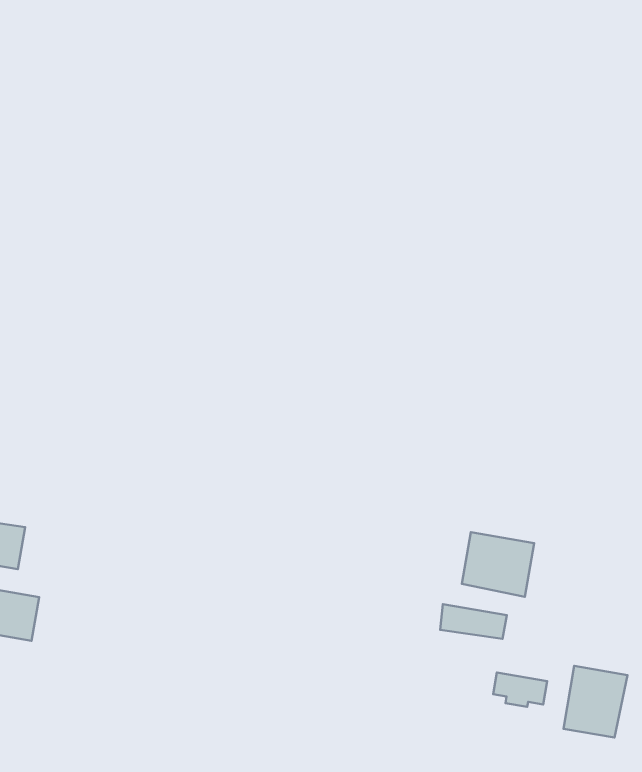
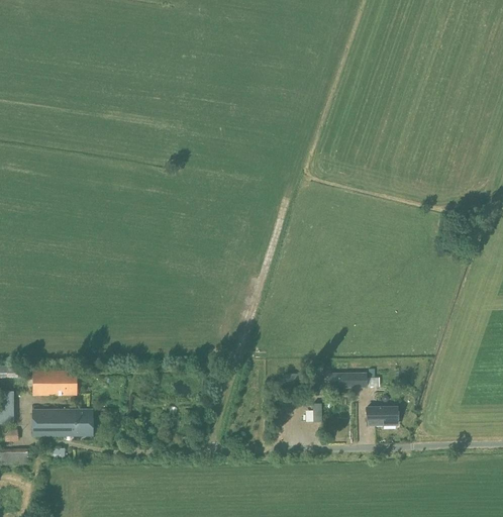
building: [462,532,534,597] -> none
building: [563,666,627,738] -> none

